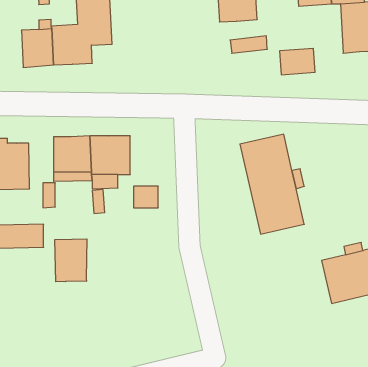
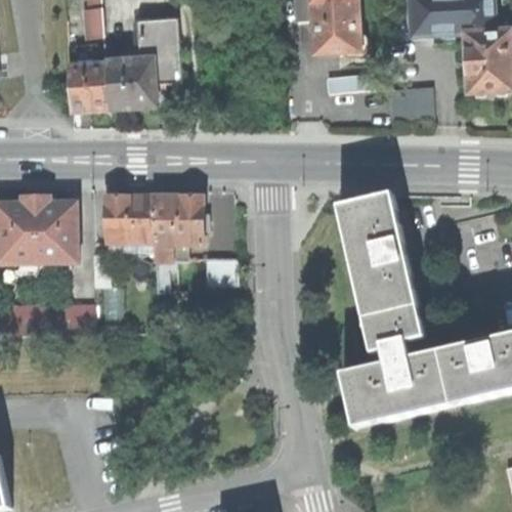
building: none -> [342,304,452,425]
building: [55,239,87,282] -> none

